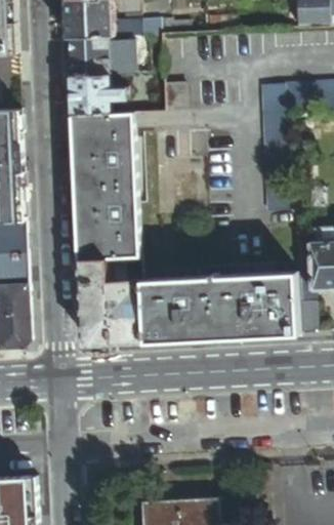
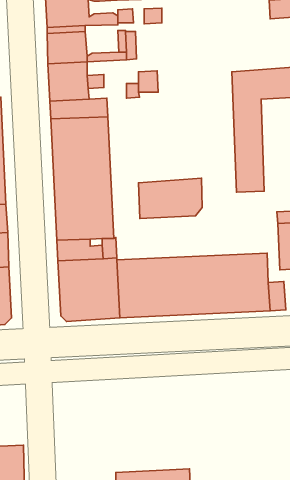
building: none -> [138,178,202,218]

